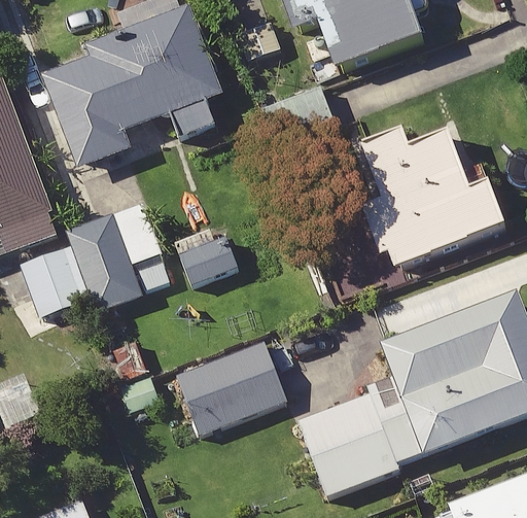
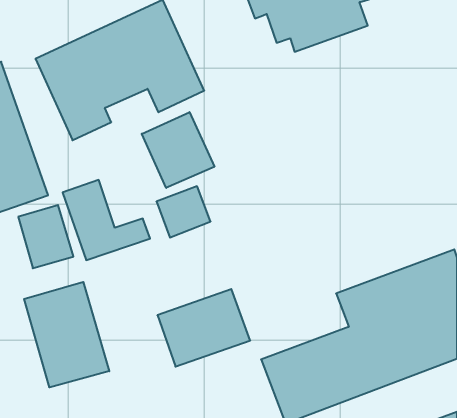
building: [363,128,505,267] -> none
building: none -> [142,112,214,188]
building: none -> [24,282,109,387]

